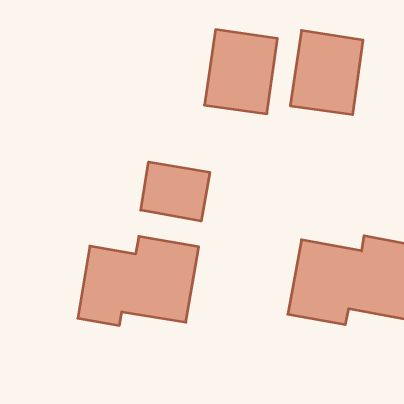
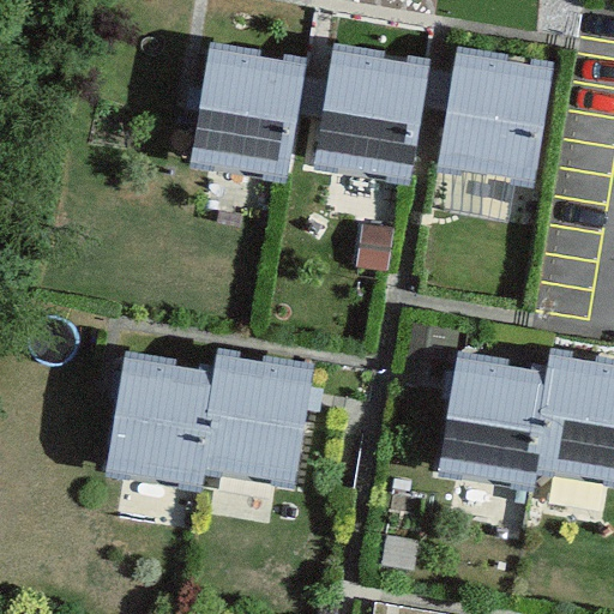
building: none -> [192,52,301,177]
building: [141,162,210,221] -> none

